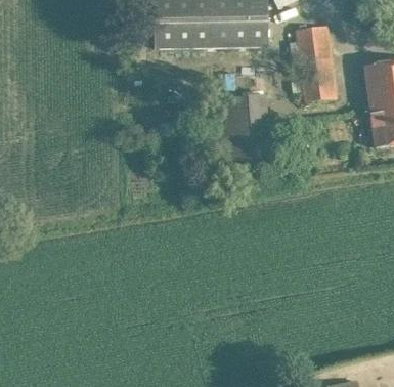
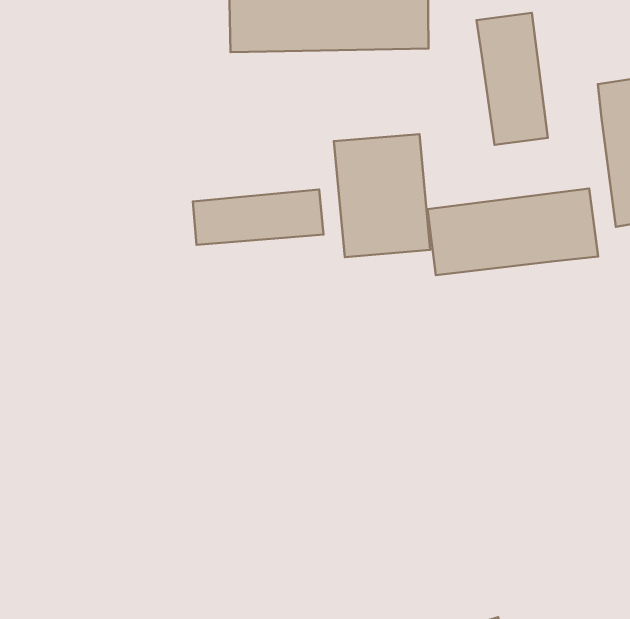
building: none -> [428,188,598,275]
building: none -> [193,190,323,245]

